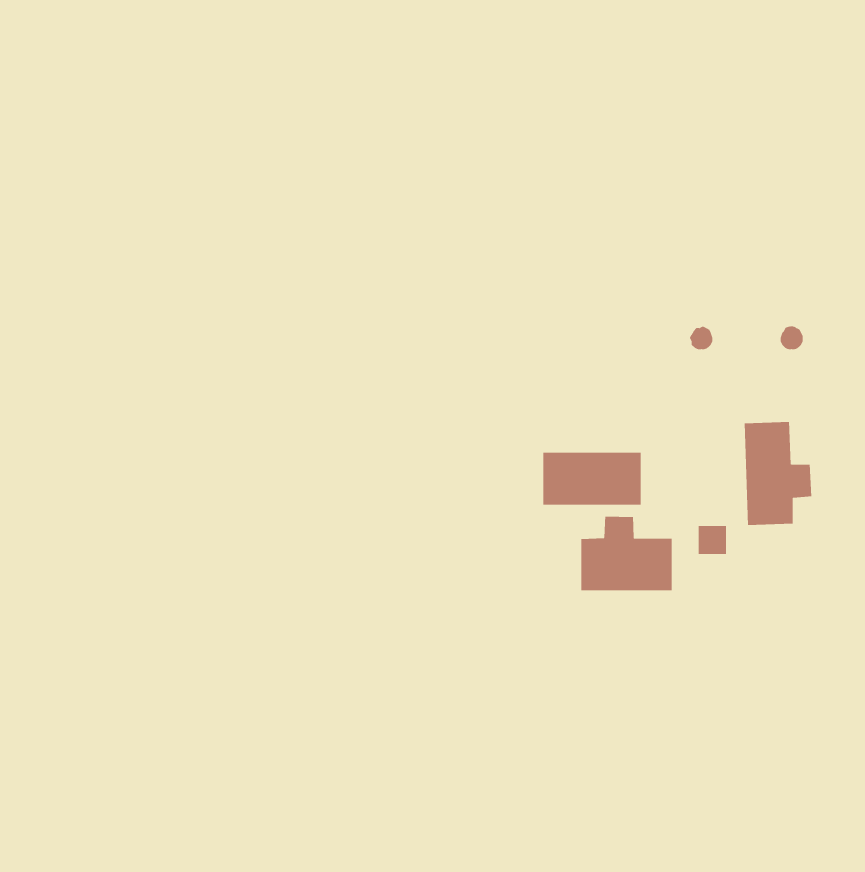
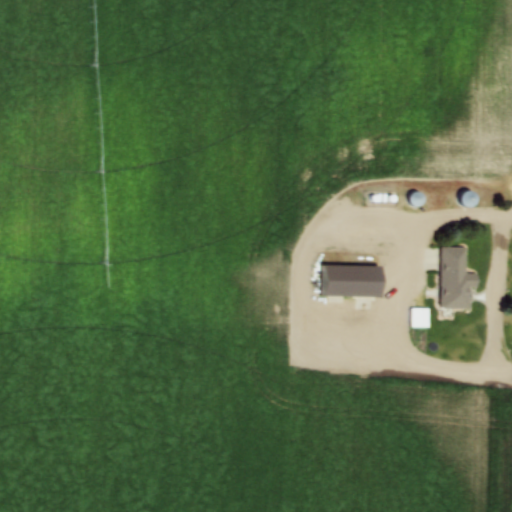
building: [581,516,672,591] -> none

